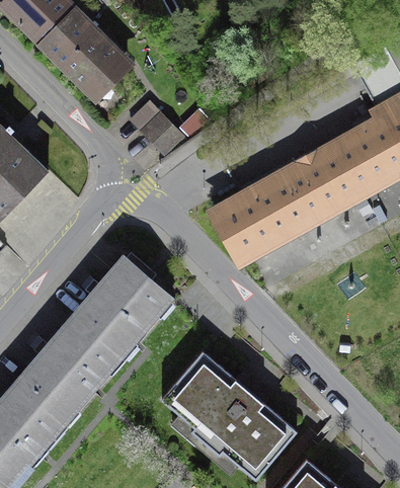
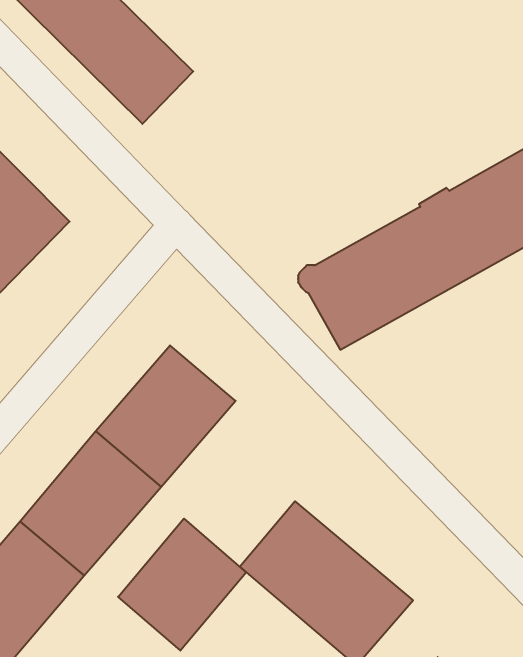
building: [124,94,180,153] -> none
building: none -> [118,519,246,651]

